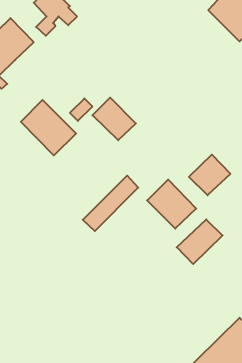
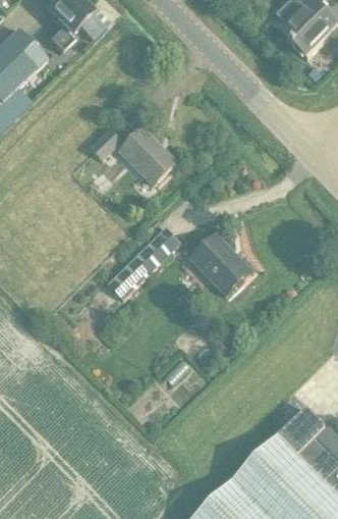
building: [21,100,76,155] -> none
building: [189,155,230,195] -> none
building: [177,219,223,264] -> none

